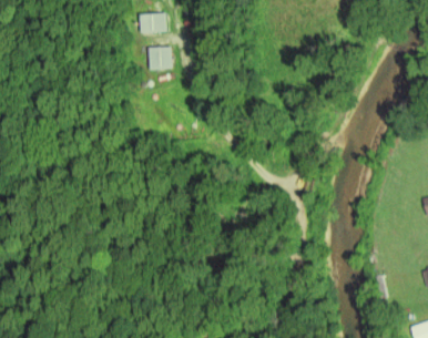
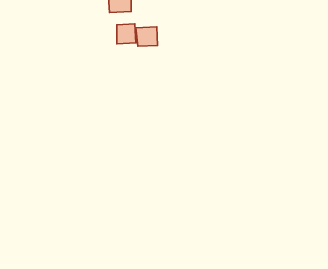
building: none -> [136,27,158,46]

